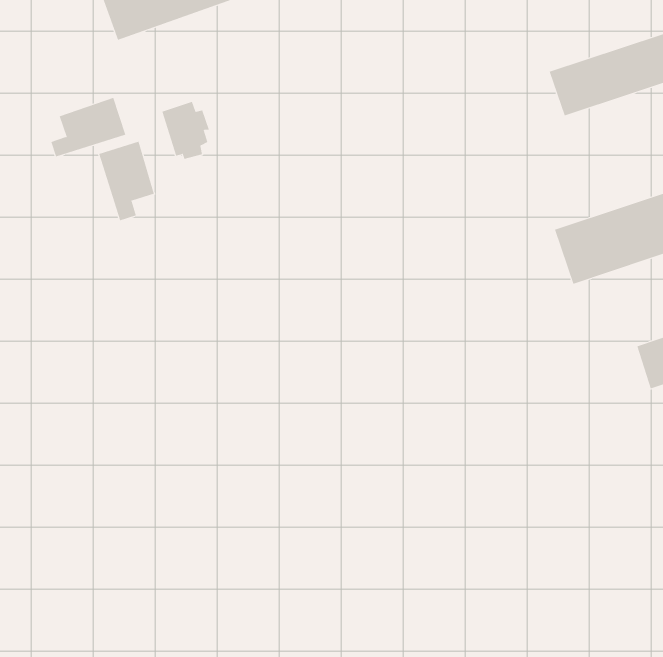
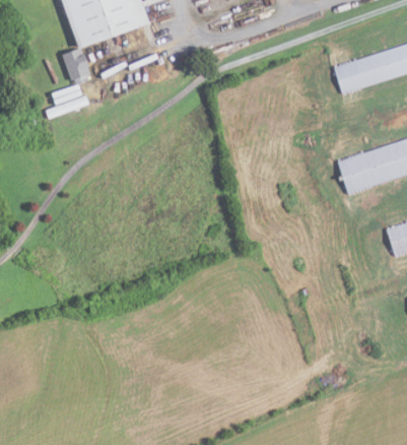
building: [162,101,210,159] -> [63,50,91,84]
building: [98,141,154,221] -> none

